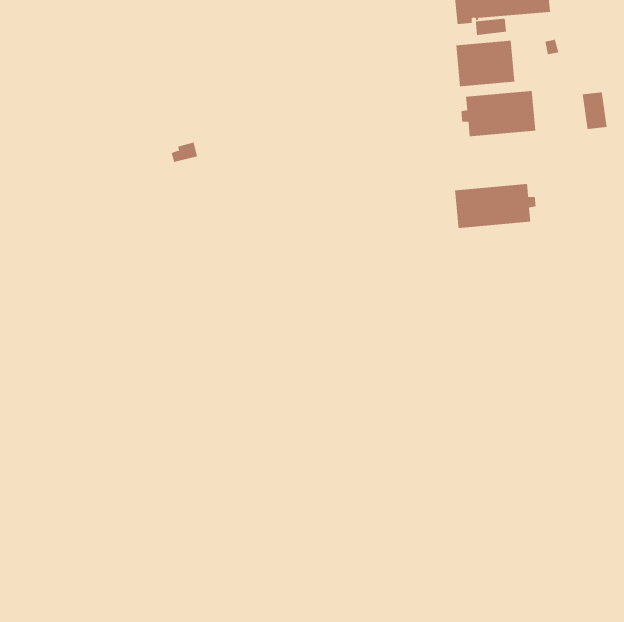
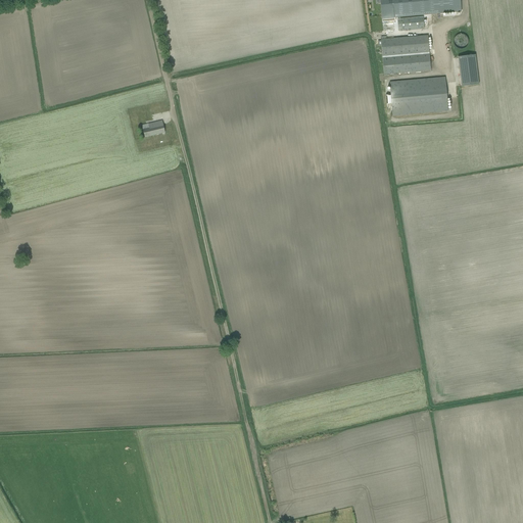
building: [582,92,608,130] -> [458,53,479,85]
building: [455,183,536,229] -> none

